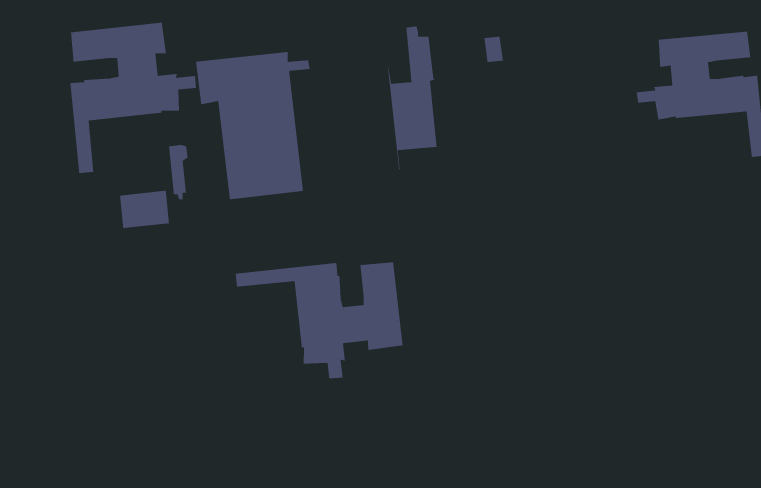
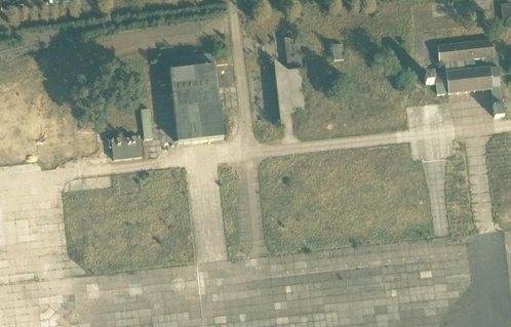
building: [70,22,197,174] -> none
building: [235,261,403,379] -> none

